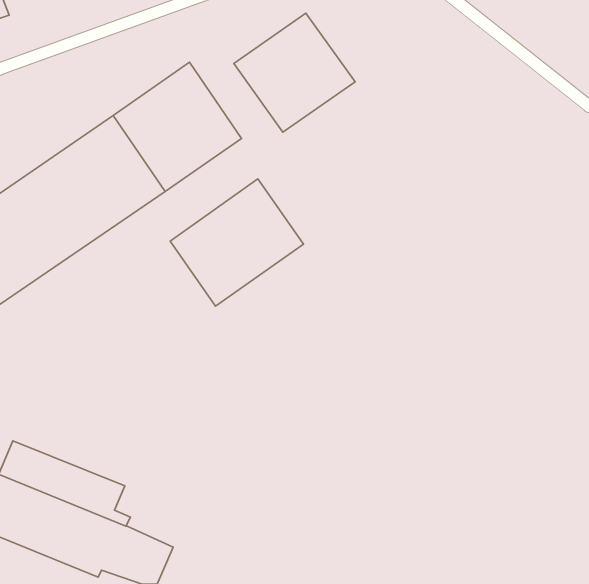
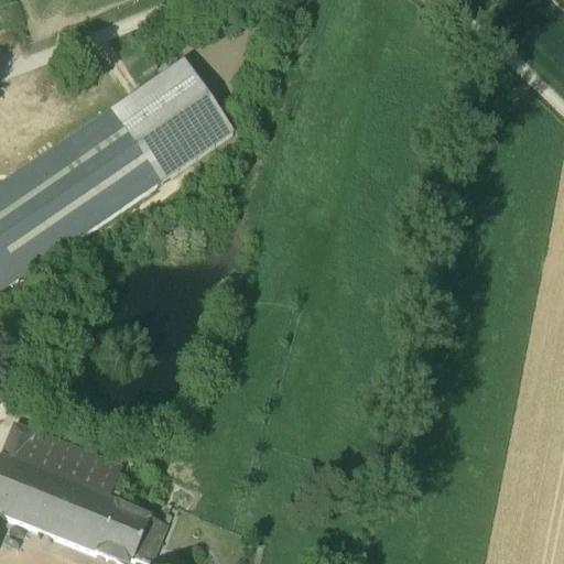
building: [234,13,355,132] -> none
building: [170,179,303,306] -> none

